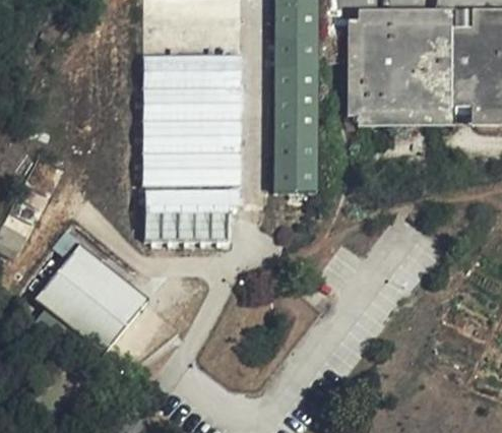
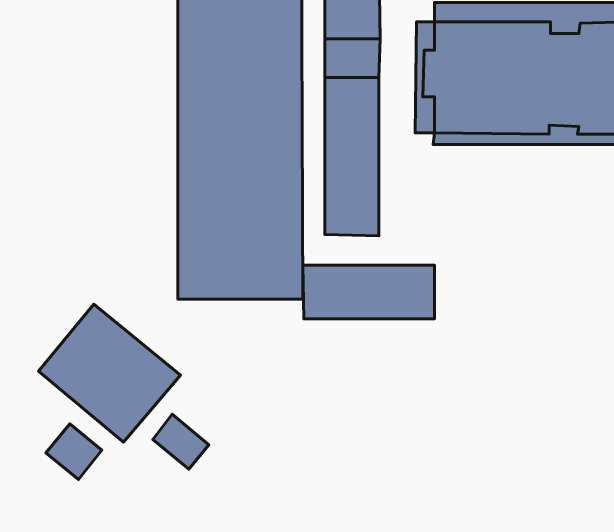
building: none -> [303,265,435,319]
building: none -> [153,414,209,469]
building: none -> [46,424,102,480]

